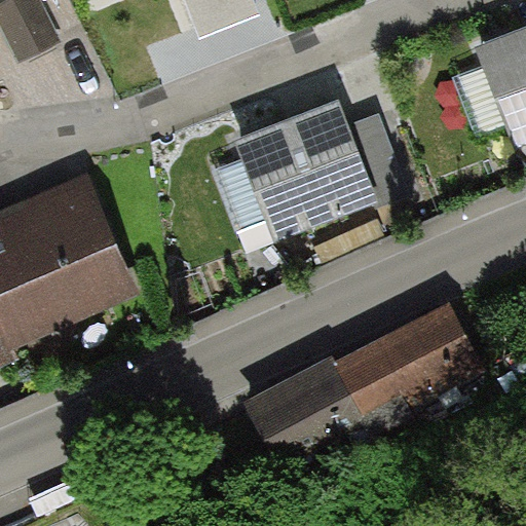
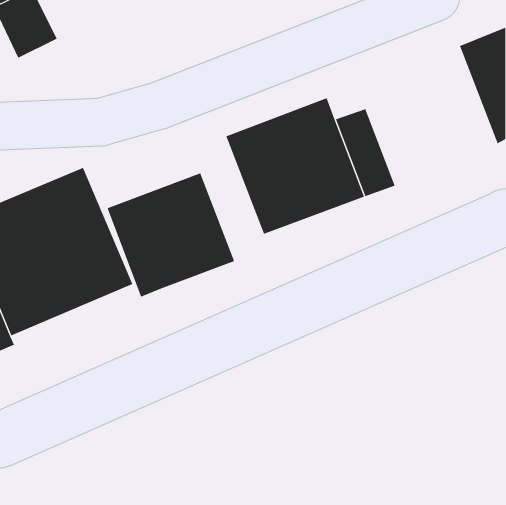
building: none -> [107,173,235,297]
building: [242,300,483,469] -> none

